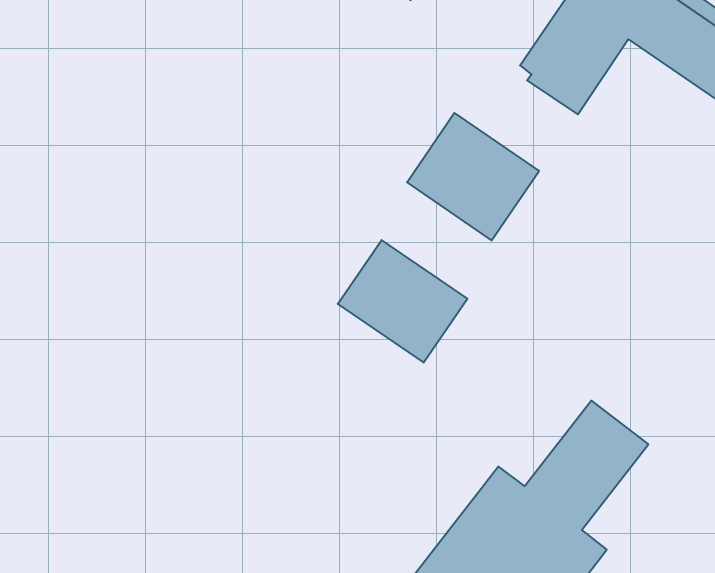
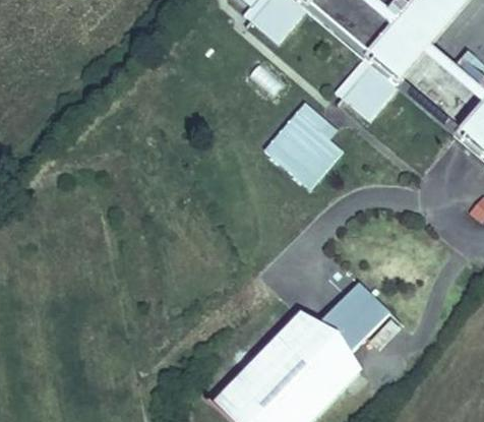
building: [338,240,467,363] -> none

